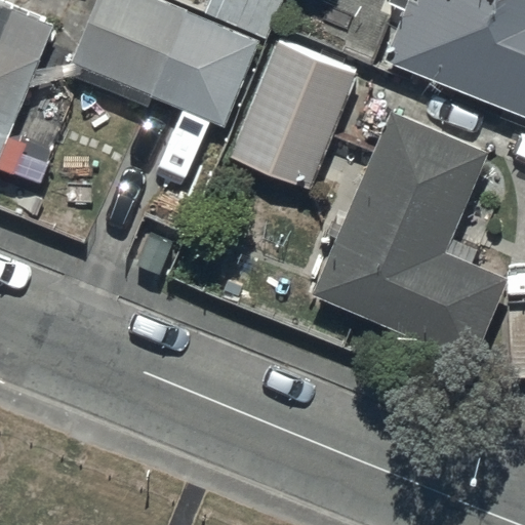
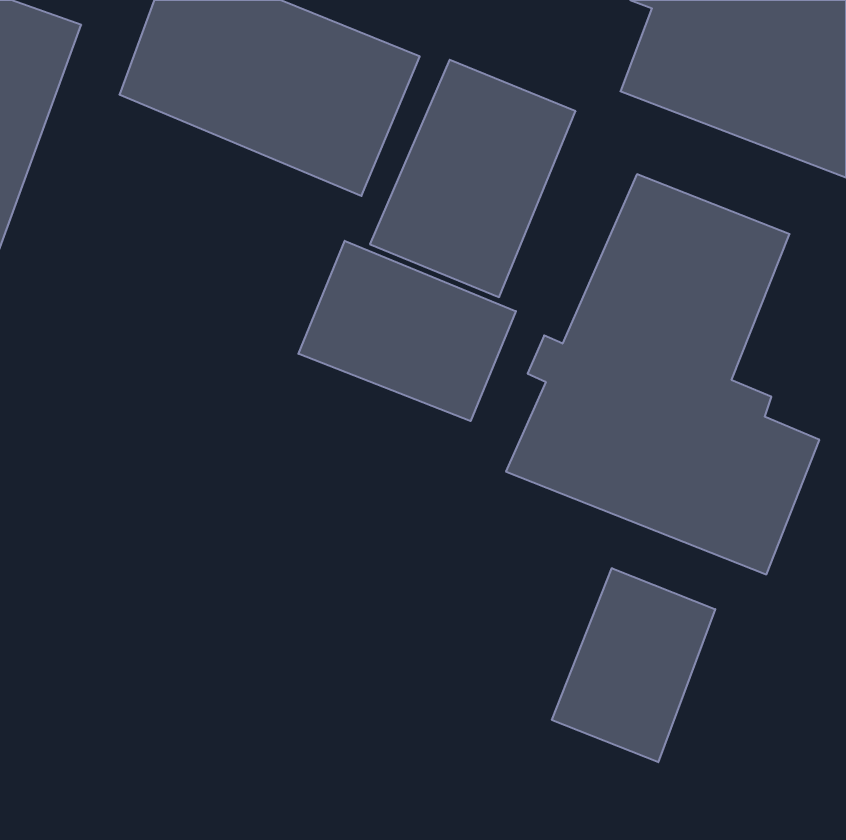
building: none -> [298,241,516,421]
building: none -> [552,568,715,762]

